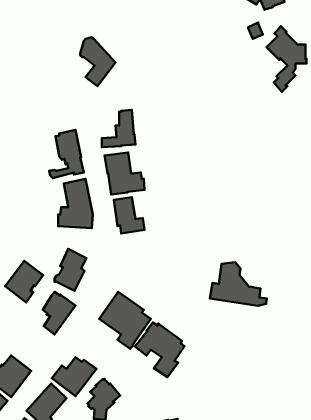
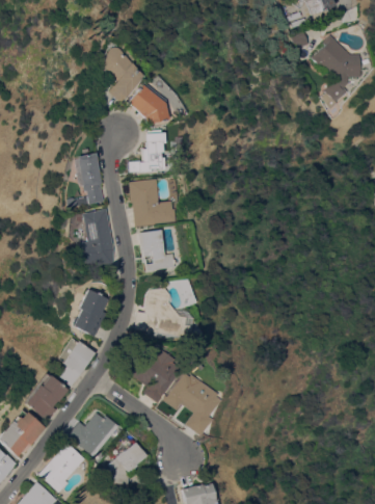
building: none -> [127,83,167,125]
building: [5,261,43,303] -> [24,373,68,421]
building: [210,262,267,306] -> [134,288,199,338]

